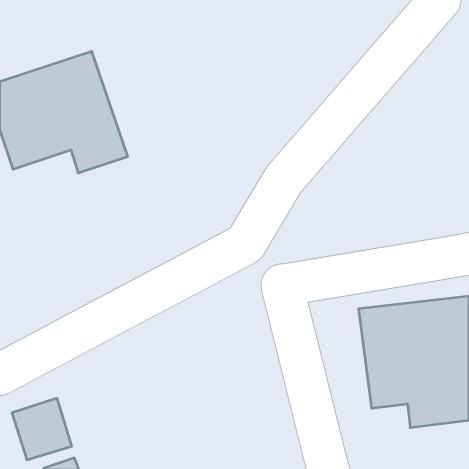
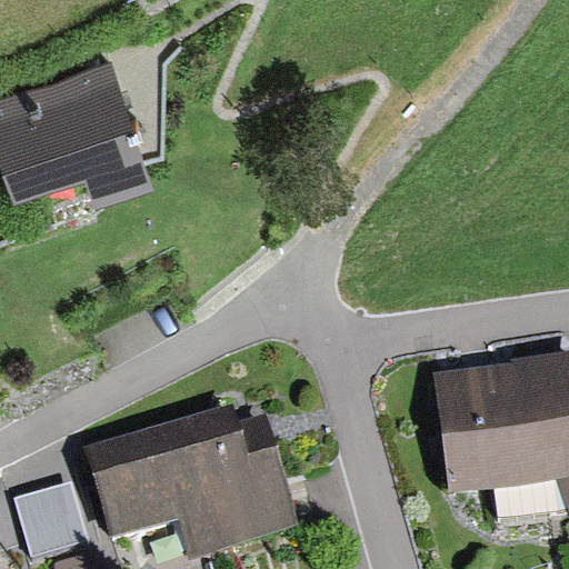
building: none -> [84,401,301,558]

